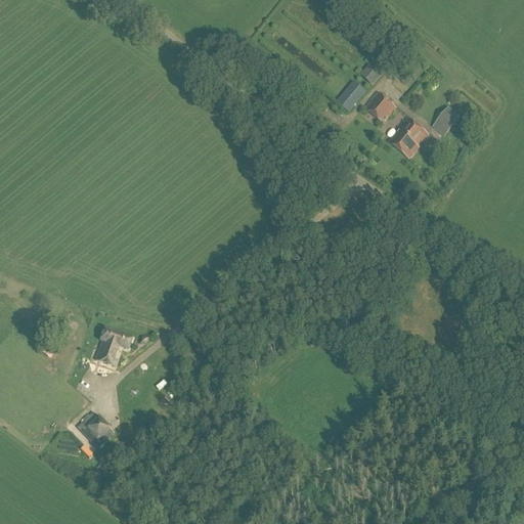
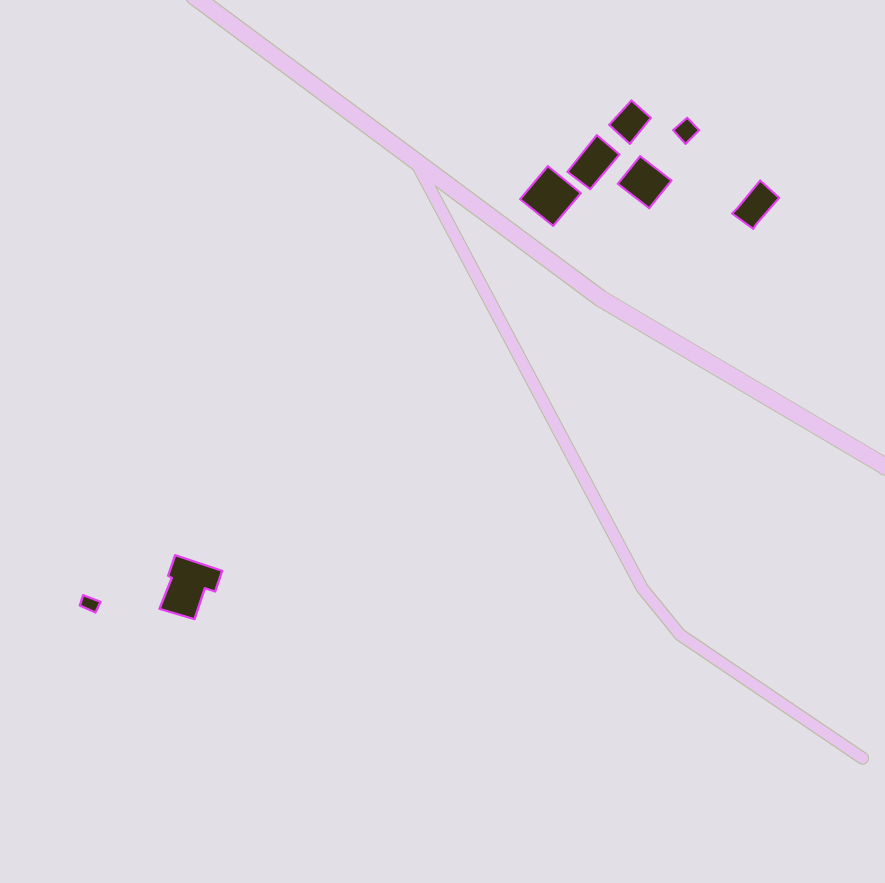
building: none -> [520,166,581,226]
building: [388,118,427,159] -> none
building: [76,412,113,448] -> none

